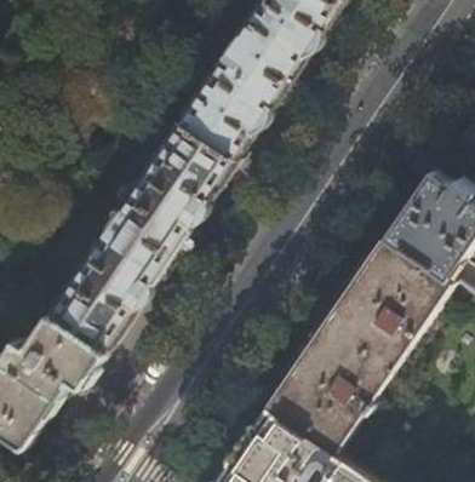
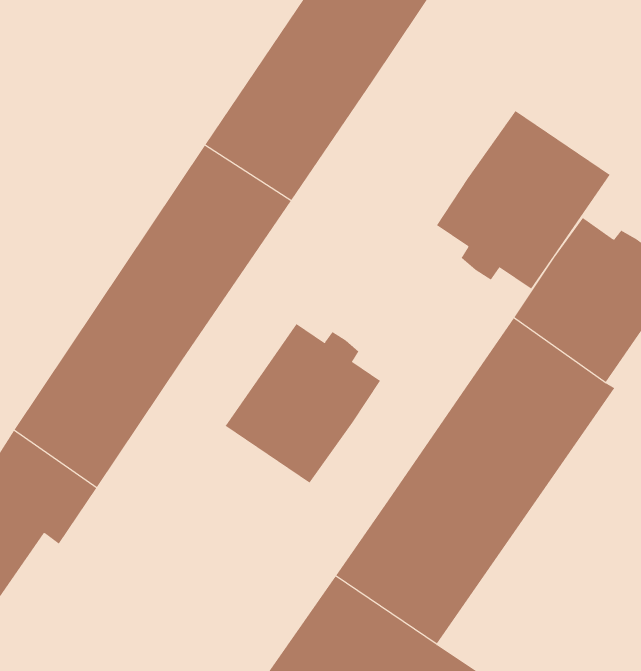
building: none -> [436,110,611,289]
building: none -> [225,323,381,483]

